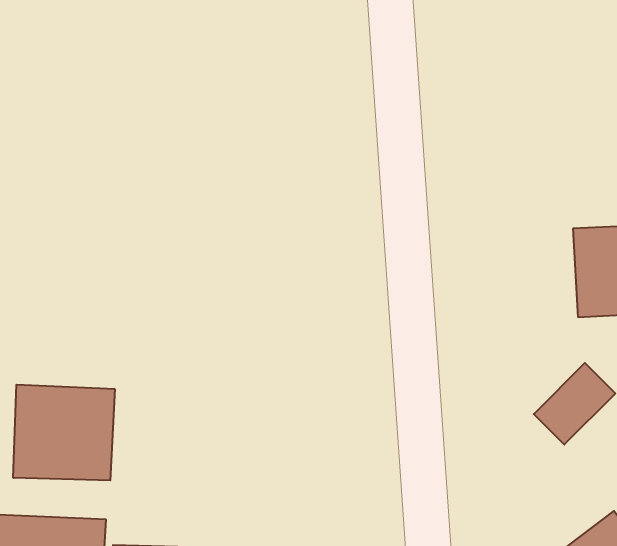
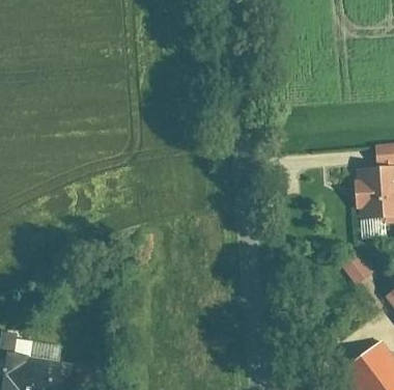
building: [13,385,115,480] -> none

